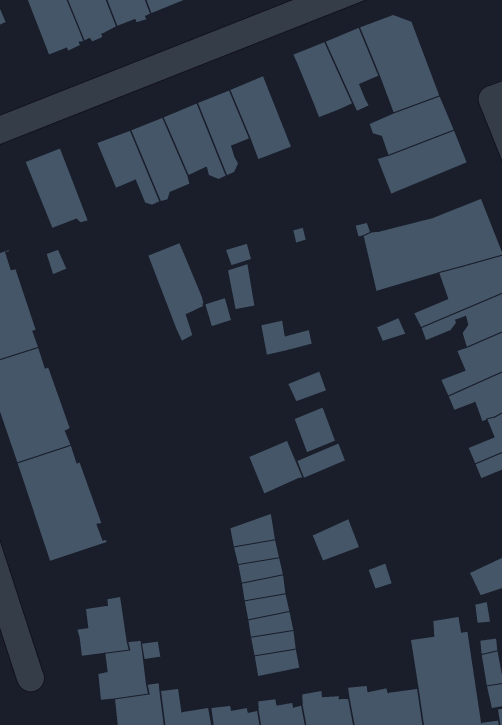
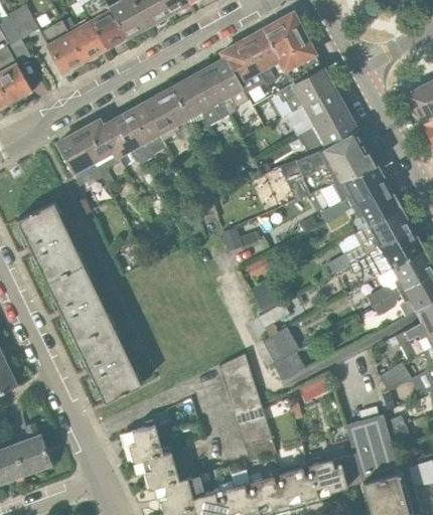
building: none -> [204,57,247,113]
building: none -> [292,109,356,161]
building: [147,243,205,342] -> [78,121,119,185]
building: [249,440,303,494] -> [262,326,299,363]

